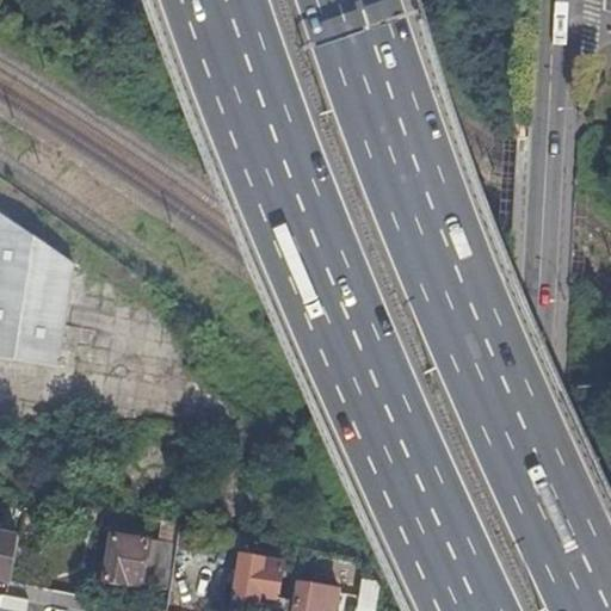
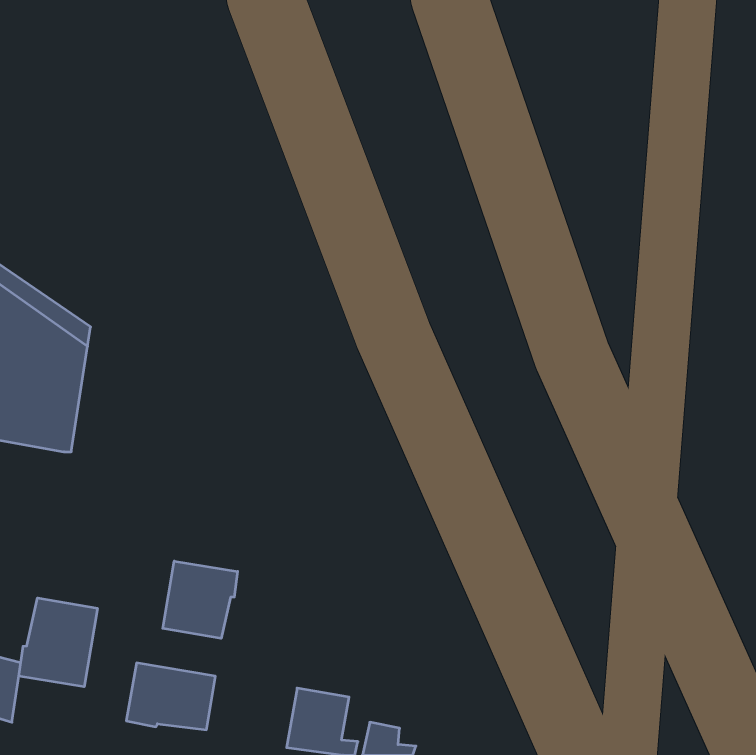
building: none -> [163,561,238,638]
building: none -> [19,598,97,687]

